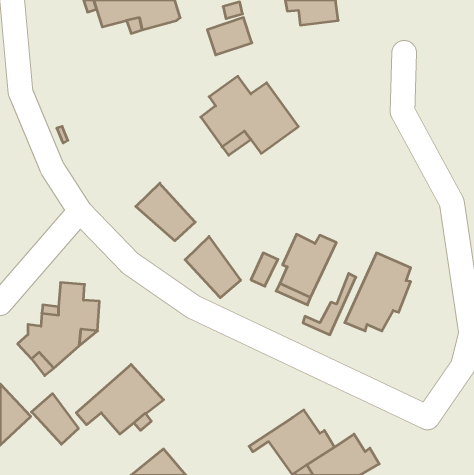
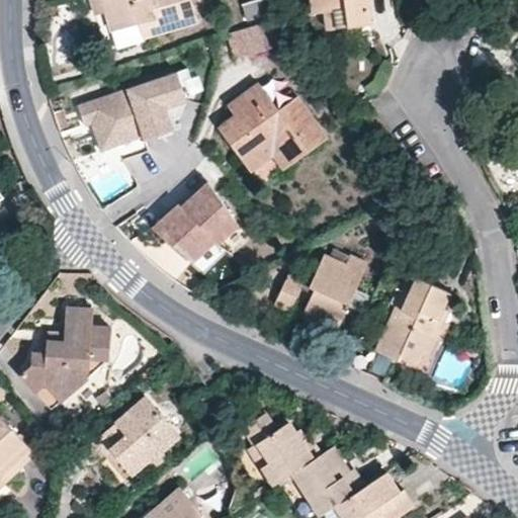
building: none -> [78,71,186,150]
building: [185,236,241,298] -> [177,177,238,244]
building: [303,273,356,335] -> [399,307,456,373]
building: none -> [243,413,320,486]
building: [31,394,78,444] -> none

